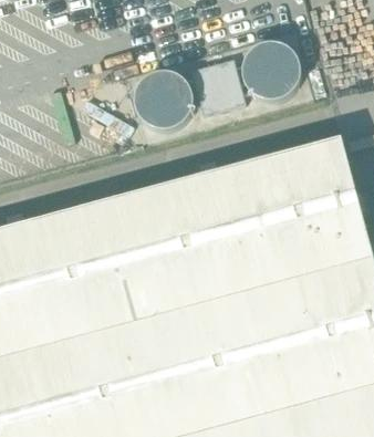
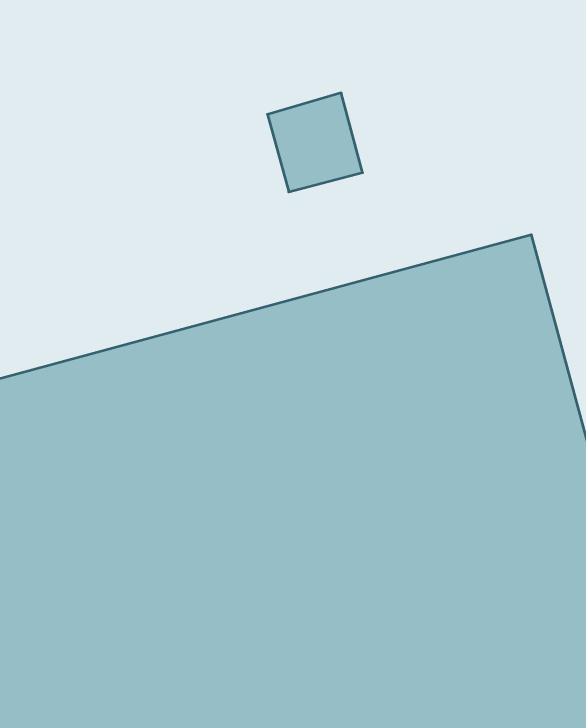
building: [241,40,299,98] -> none
building: [133,70,191,127] -> none

